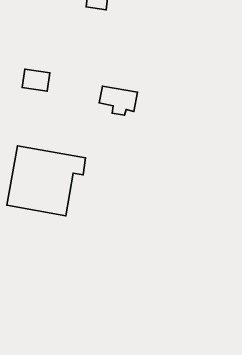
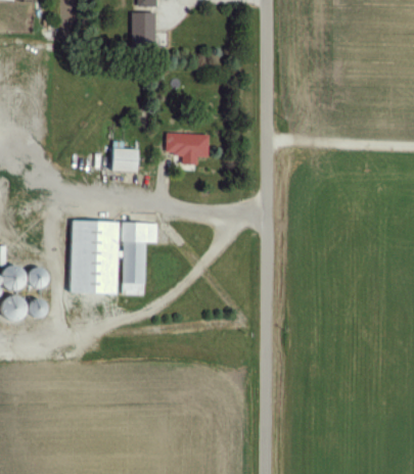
building: [22,69,50,91] -> [107,148,138,171]

